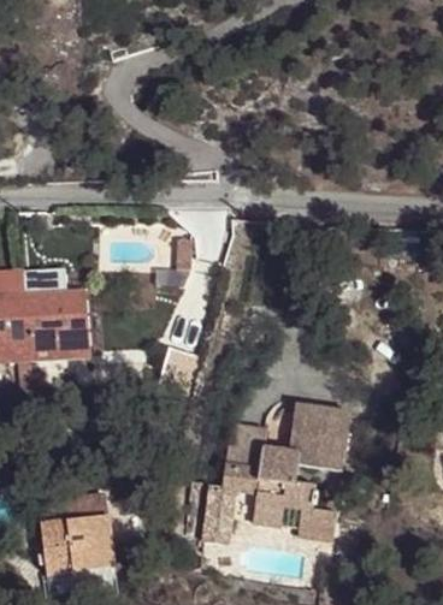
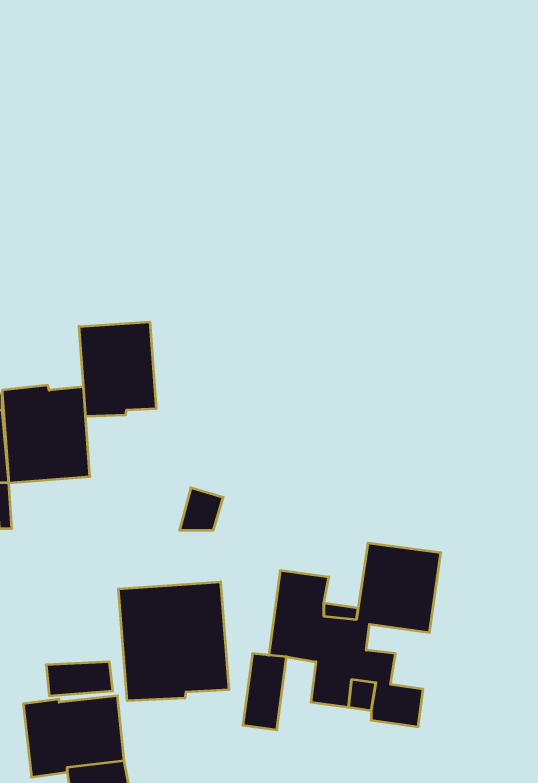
building: none -> [79,322,156,417]
building: none -> [118,582,229,701]

